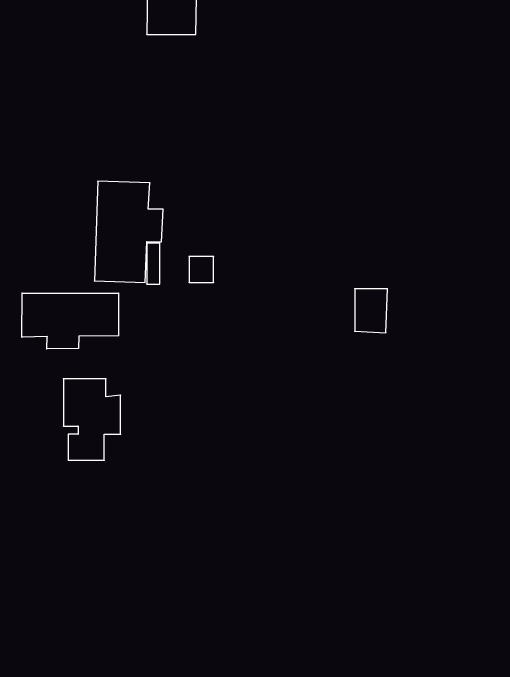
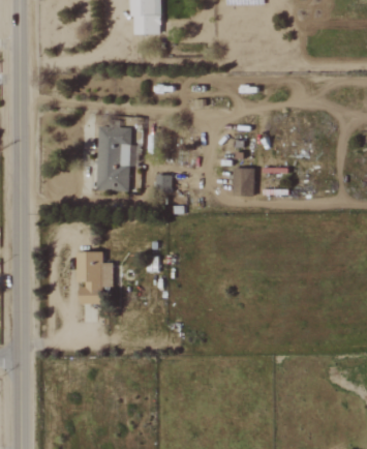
building: [355,289,387,333] -> [234,168,254,196]
building: [22,293,119,349] -> none

